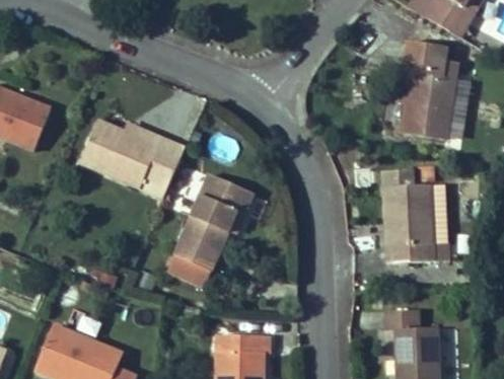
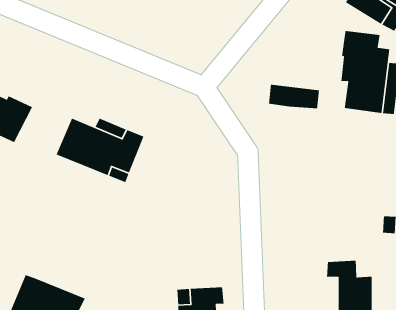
building: none -> [268,84,320,109]
building: [153,169,236,279] -> none
building: [382,176,433,266] -> none

